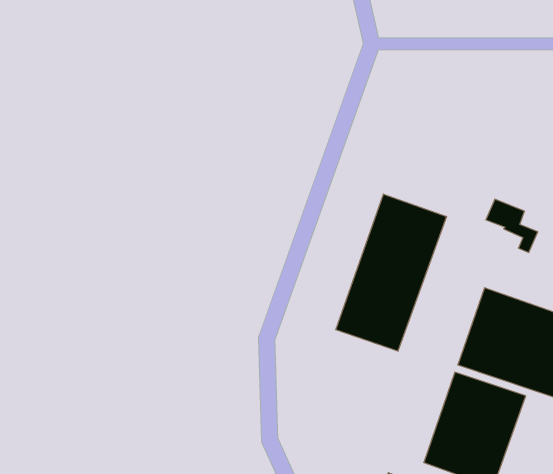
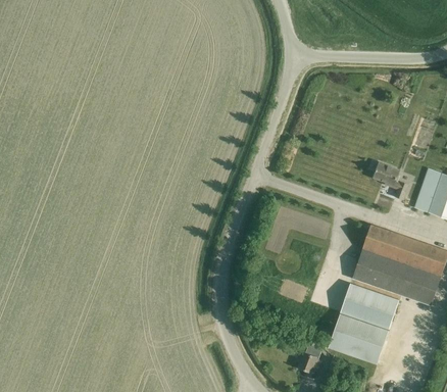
building: [336,194,446,351] -> none

